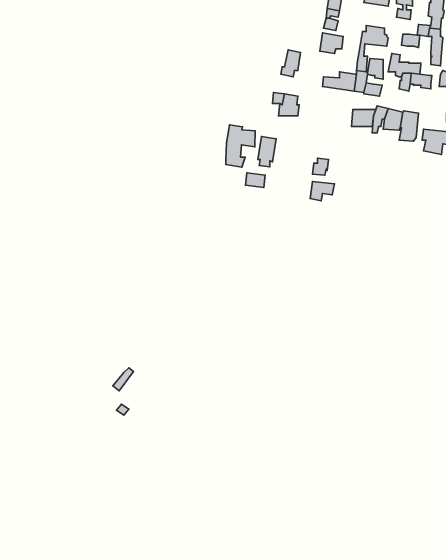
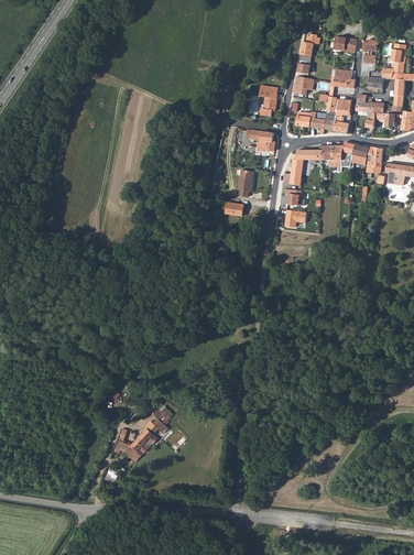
building: none -> [288,145,323,185]
building: [226,125,255,167] -> none
building: none -> [112,406,175,463]

